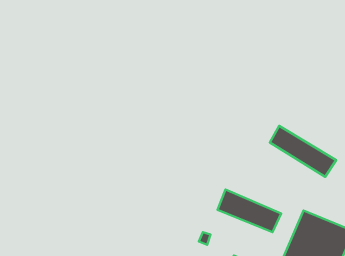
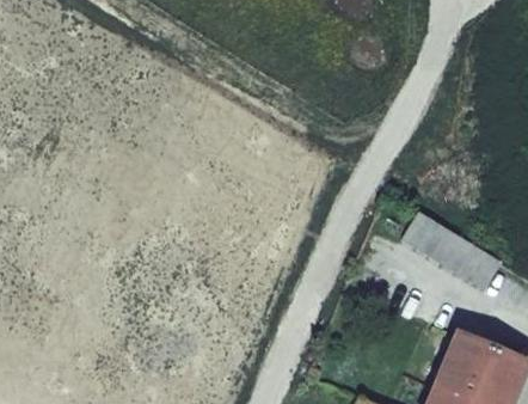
building: [217,190,281,232] -> none

